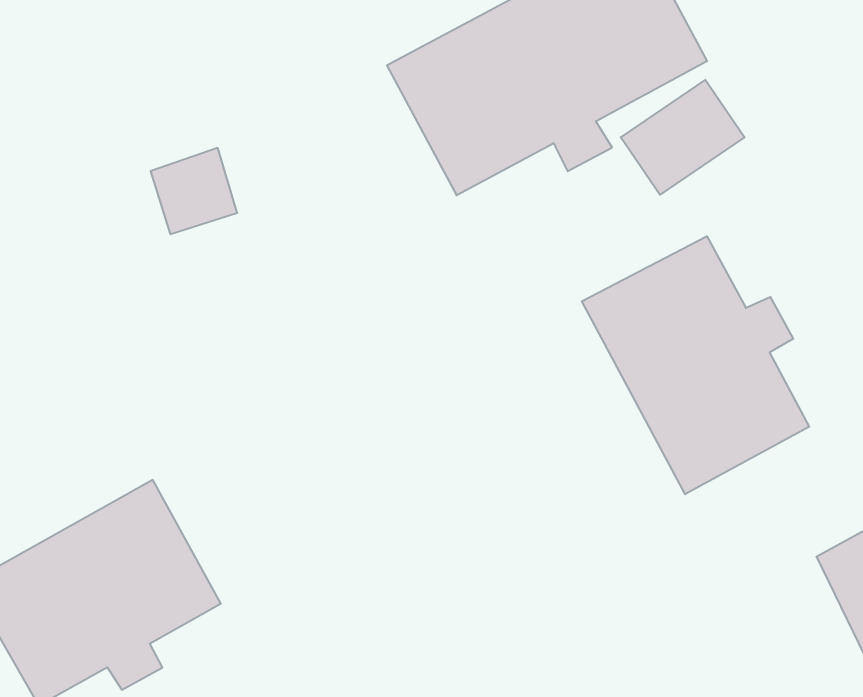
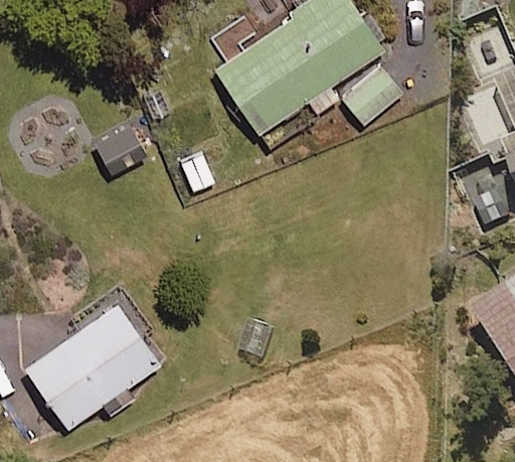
building: [582,236,809,494] -> none

